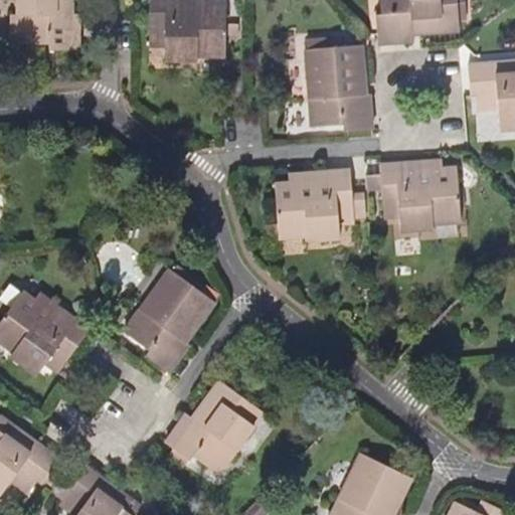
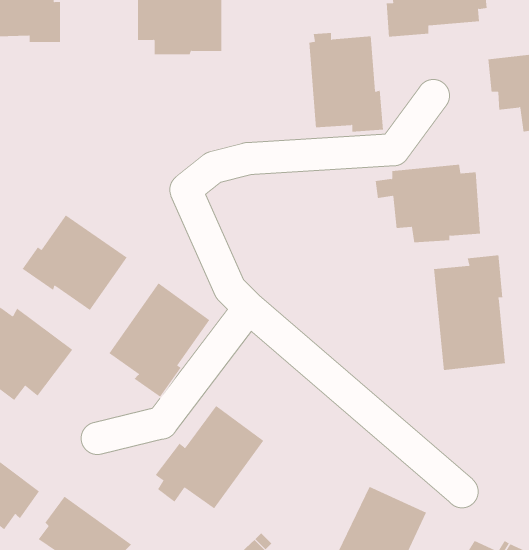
building: [274,170,365,242] -> none
building: none -> [22,214,128,311]
building: none -> [433,255,506,371]

